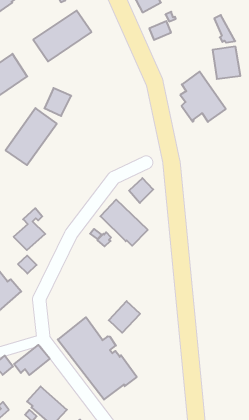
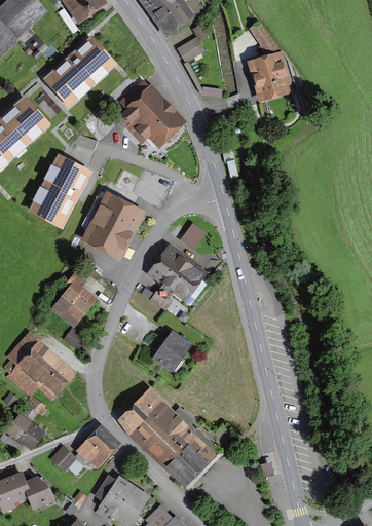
building: [180,72,226,122] -> [123,84,178,143]
building: none -> [88,198,138,257]
building: [109,301,140,333] -> [153,332,188,369]

